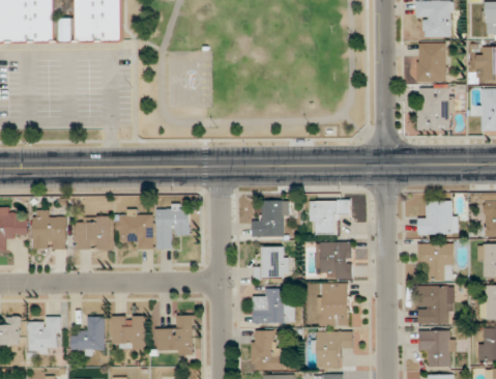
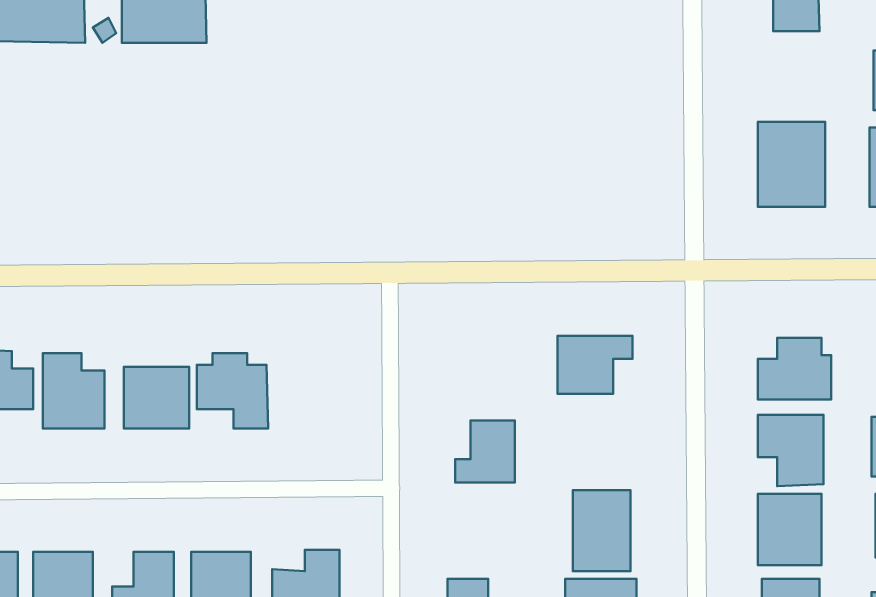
building: [417,42,446,81] -> none
building: [253,201,288,236] -> none
building: [156,205,189,249] -> none
building: [315,241,351,279] -> none
building: [253,288,293,323] -> none

